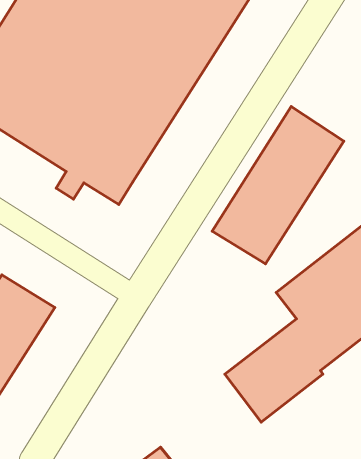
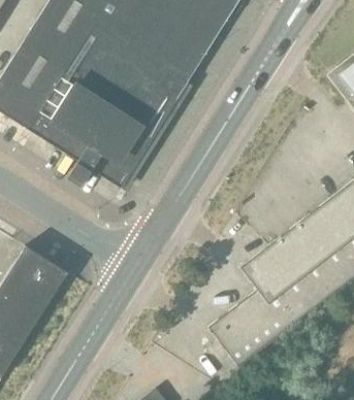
building: [212,107,344,264] -> none

